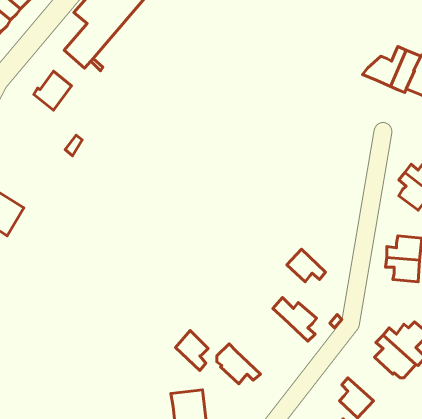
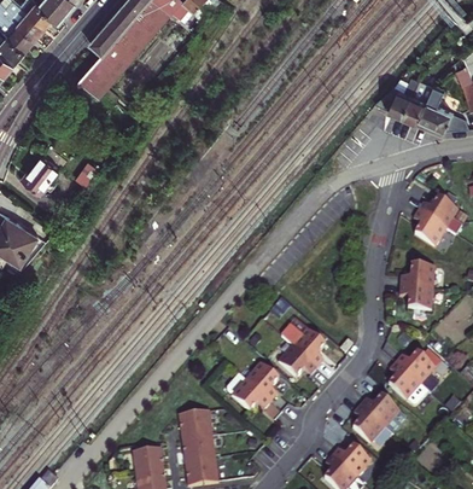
building: [34,71,72,110] -> [21,156,58,194]
building: [287,249,326,282] -> [281,348,320,380]
building: [176,330,208,370] -> [249,363,281,403]
building: none -> [360,397,404,437]

